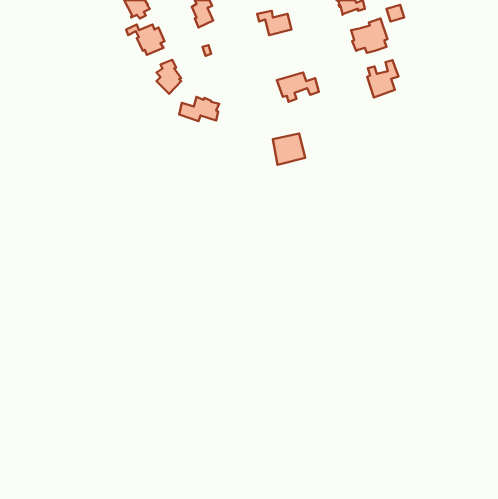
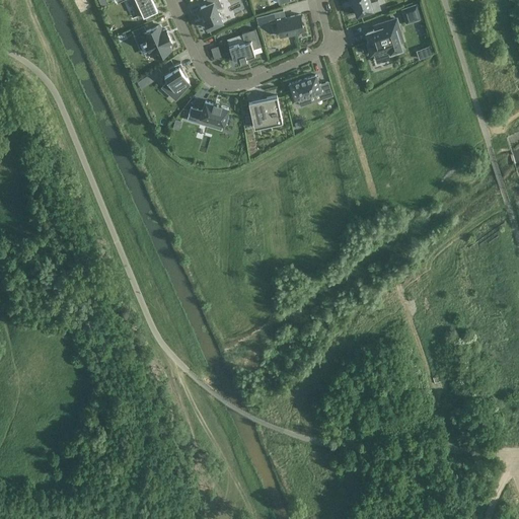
building: none -> [227,29,258,63]
building: [367,60,399,97] -> none
building: [273,133,305,165] -> [247,96,281,129]

